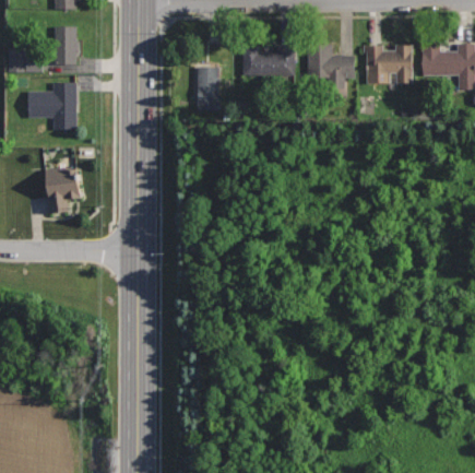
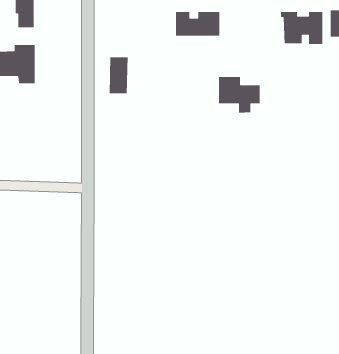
building: [306,45,355,88] -> [218,76,261,114]
building: [197,66,219,109] -> [109,57,128,94]
building: [45,164,82,213] -> none

